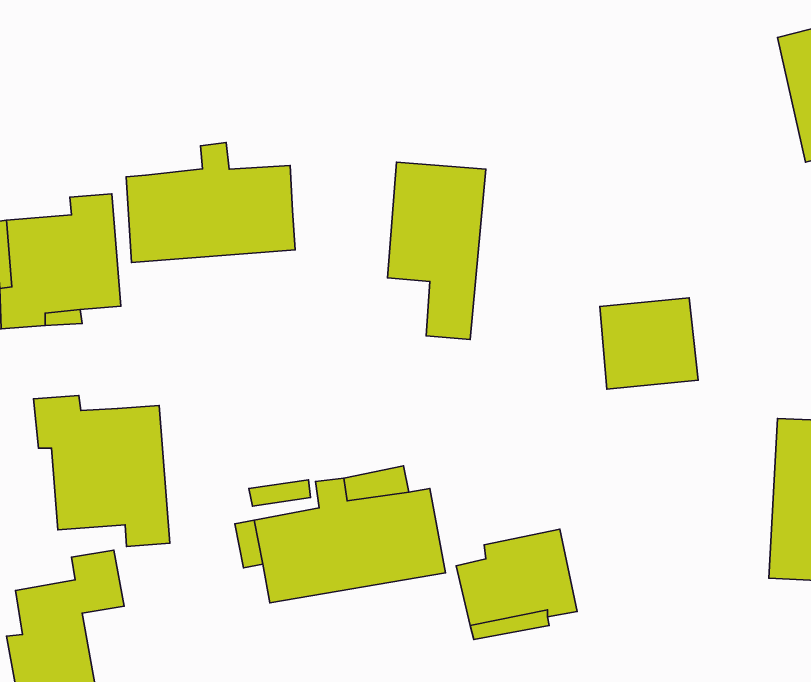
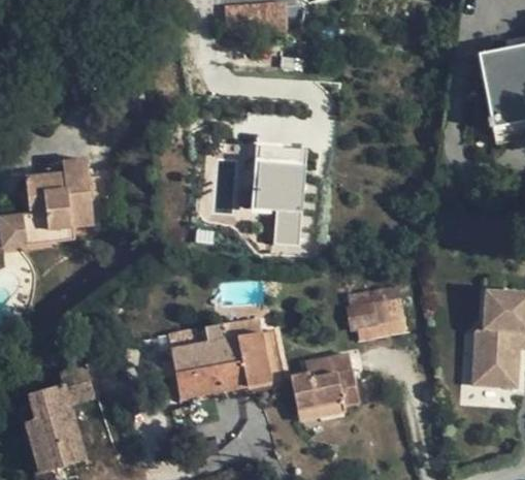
building: [126,143,295,263] -> none
building: [600,298,698,389] -> [348,285,405,339]
building: [33,395,170,546] -> none

